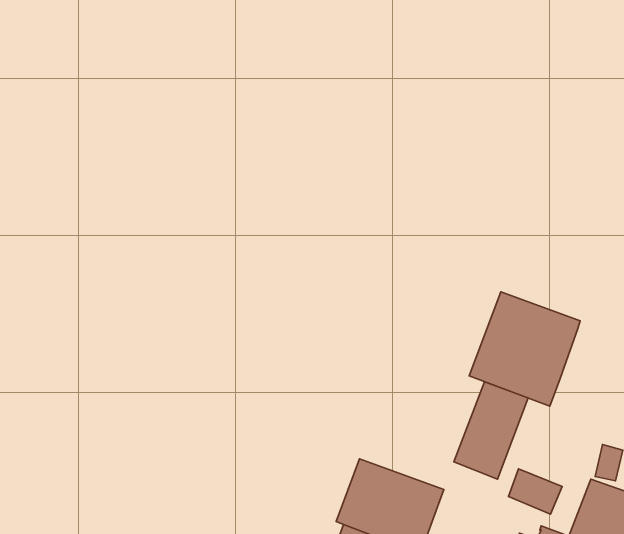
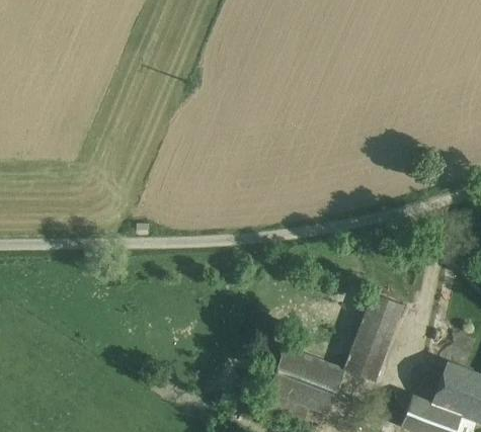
building: [469,292,580,406] -> none
building: [508,469,562,514] -> [345,349,383,380]

